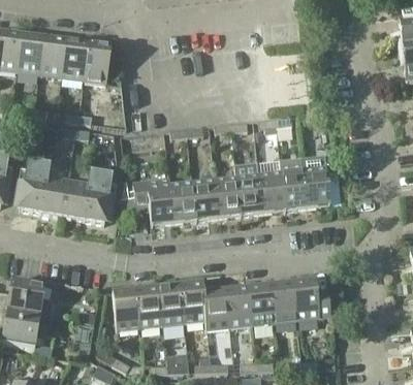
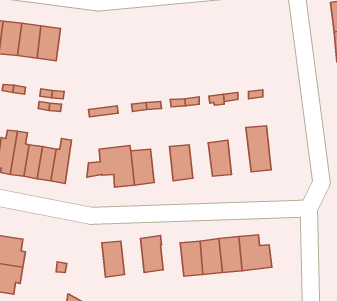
building: [84,42,112,83] -> none
building: [280,156,308,210] -> none
building: [235,161,263,214] -> none
building: [94,170,117,222] -> none
building: [192,178,218,219] -> none
building: [158,283,185,324] -> none
building: [113,288,140,330] -> none
building: [203,288,230,329] -> none

